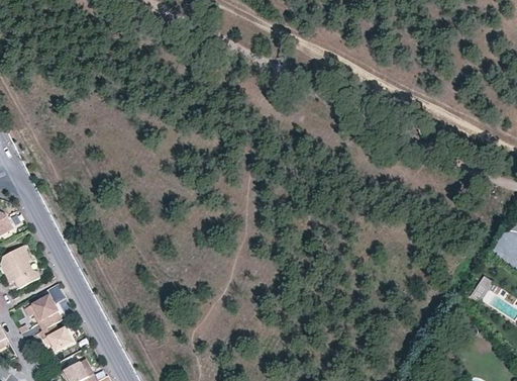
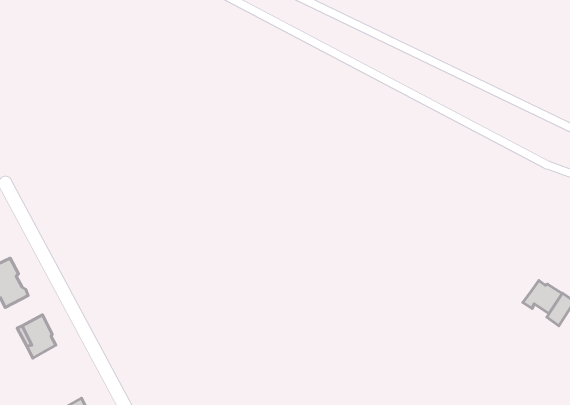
building: none -> [523,280,562,313]
building: [39,324,73,352] -> none

